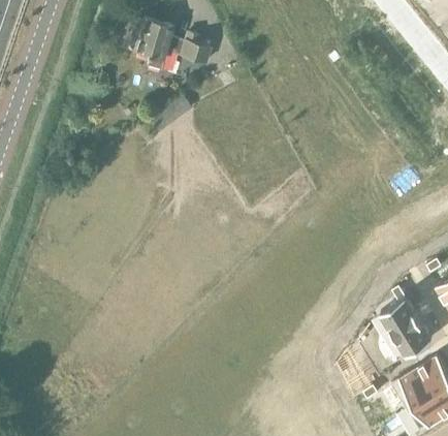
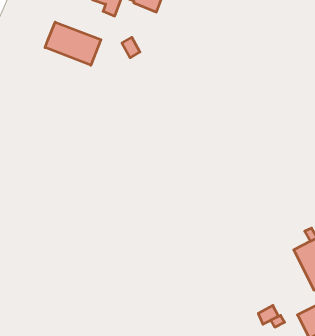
building: none -> [45,22,101,65]

